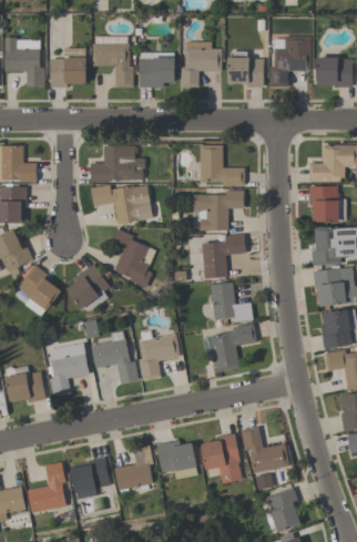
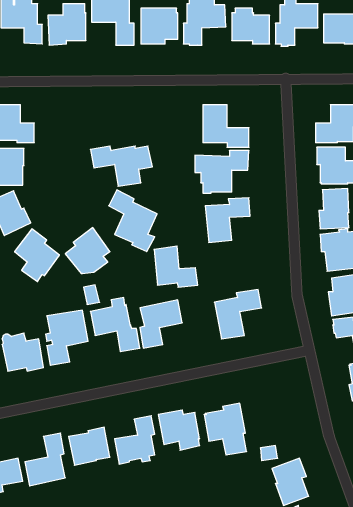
building: [90,146,145,182] -> none
building: [211,282,253,321] -> [154,246,198,287]
building: [241,427,289,473] -> none

